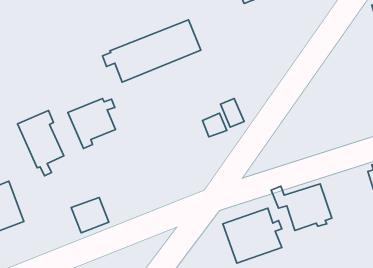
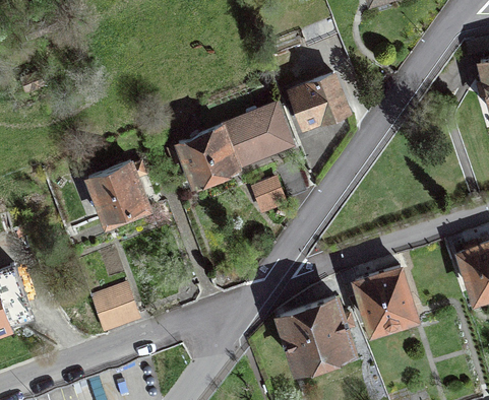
building: [103,20,201,82] -> [169,106,291,183]
building: none -> [291,75,347,126]
building: [17,111,64,176] -> none

